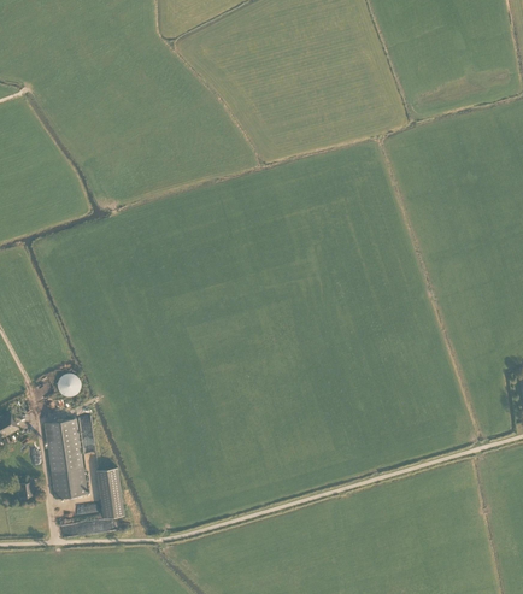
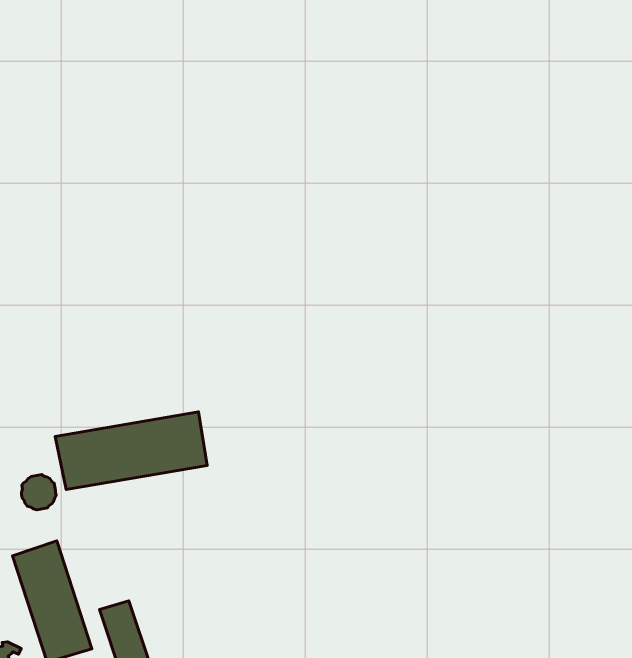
building: none -> [55,412,207,490]

